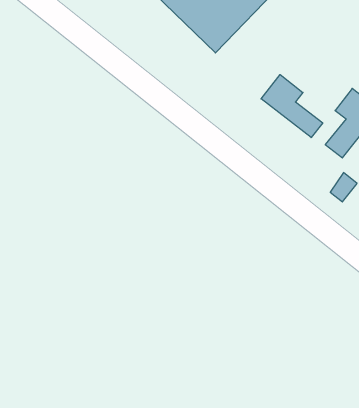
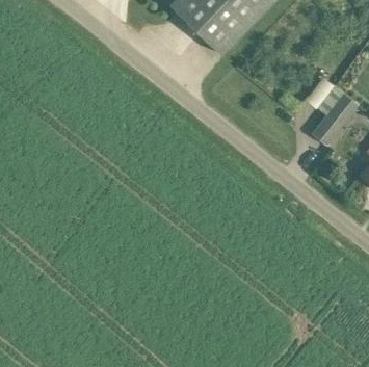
building: [261,75,323,138] -> none

